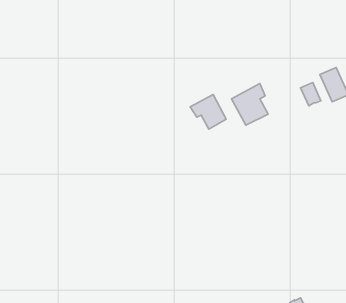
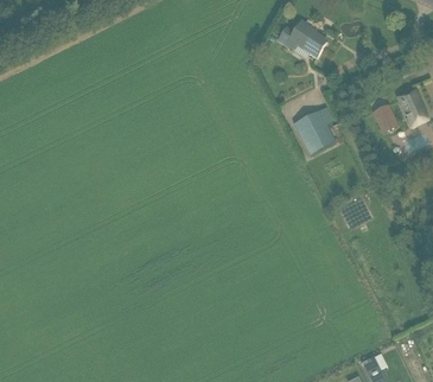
building: none -> [279,20,326,58]
building: [190,95,226,129] -> none

